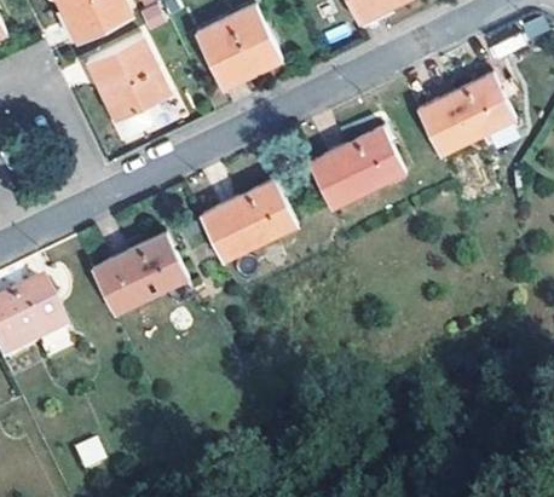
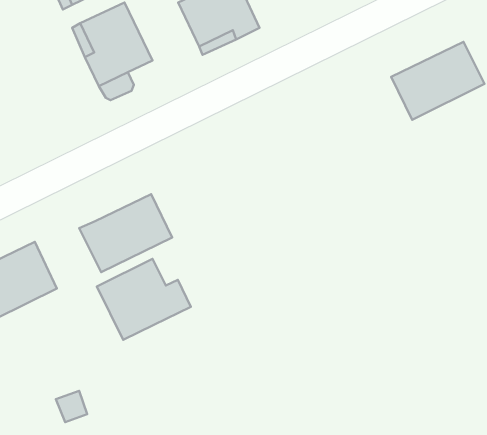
building: [310,127,404,208] -> none
building: [201,181,295,261] -> none
building: none -> [97,259,191,340]

